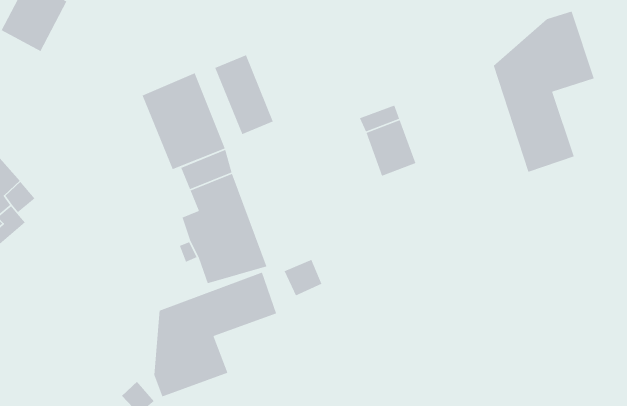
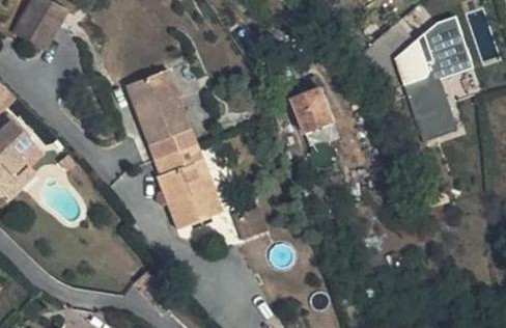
building: [214,54,274,135] -> none
building: [153,272,277,398] -> none

